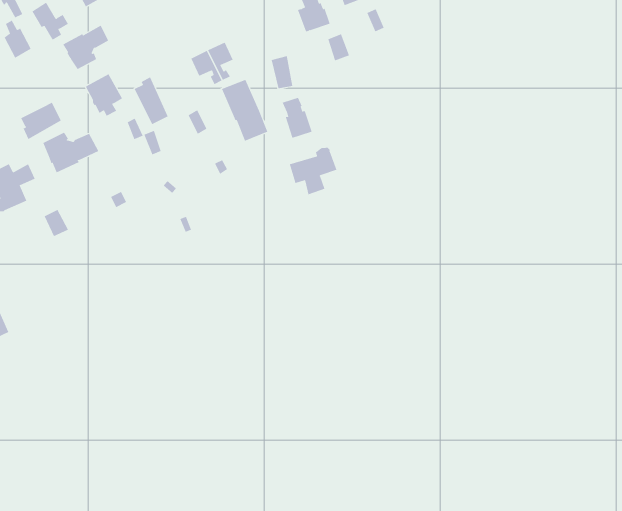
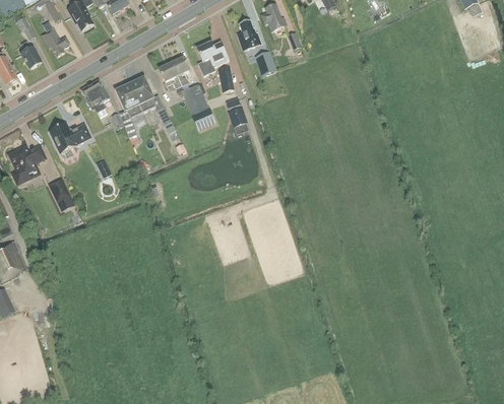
building: none -> [197,42,229,76]
building: [63,25,109,70] -> none
building: none -> [129,79,155,112]
building: [21,102,61,140] -> none
building: [289,147,337,195] -> none

